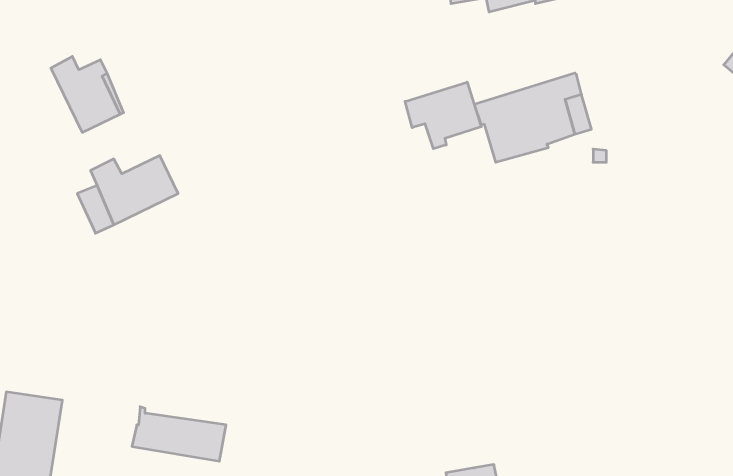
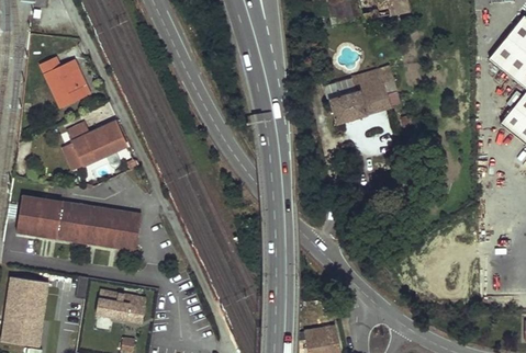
building: [405,82,481,149] -> none
building: none -> [16,194,142,249]

